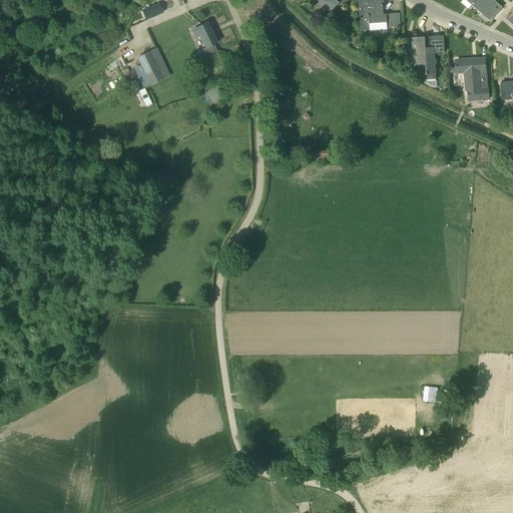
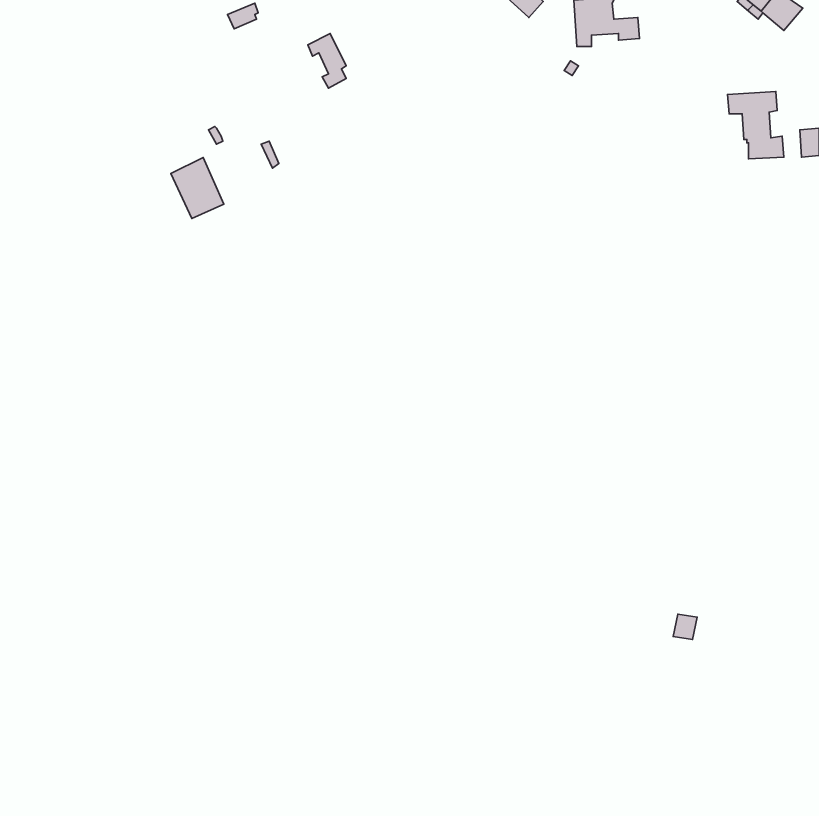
building: [410,35,437,73] -> none
building: [137,46,170,84] -> [171,158,224,218]

